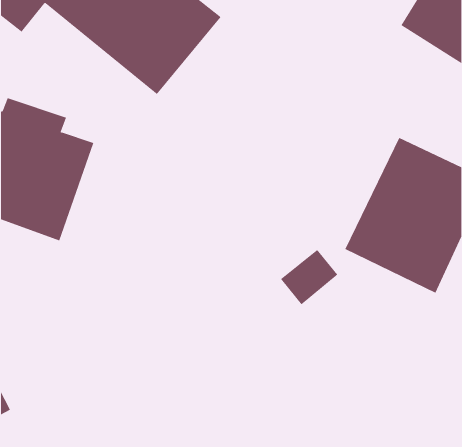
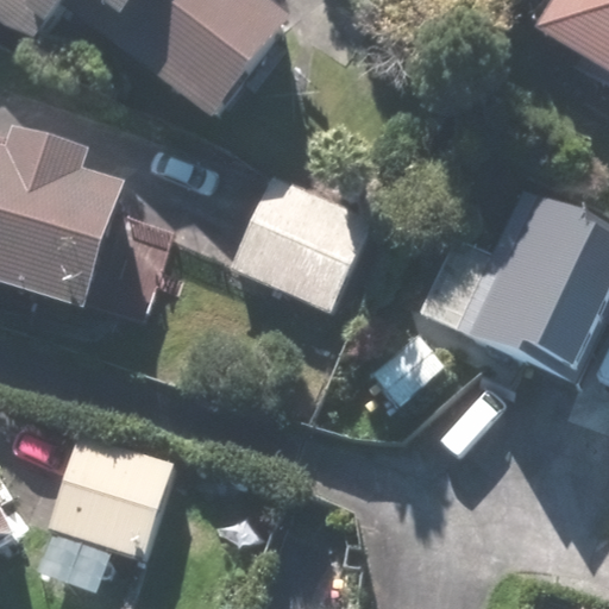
building: none -> [228,172,371,308]
building: none -> [45,427,175,555]

